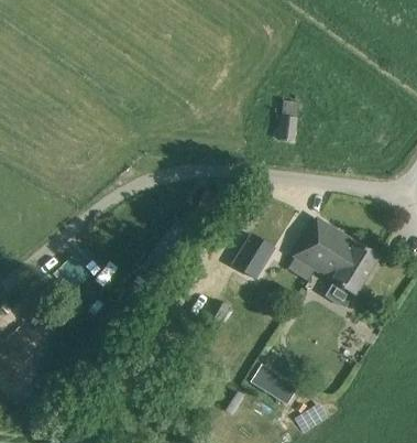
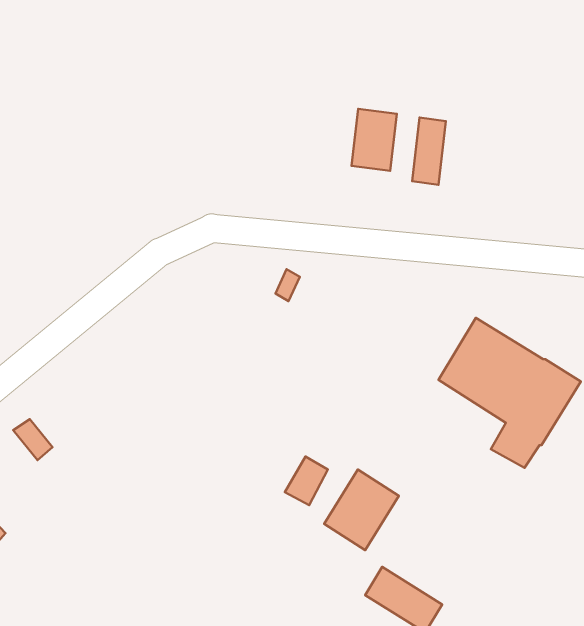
building: none -> [351,109,397,171]
building: [231,233,275,280] -> [324,470,399,550]

